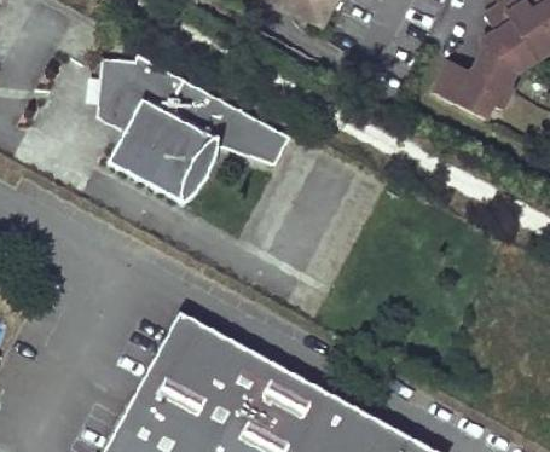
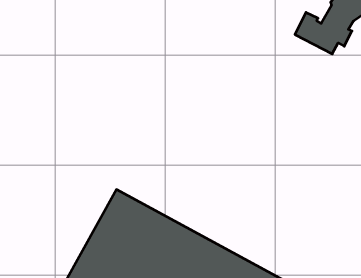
building: [100,54,290,204] -> none

